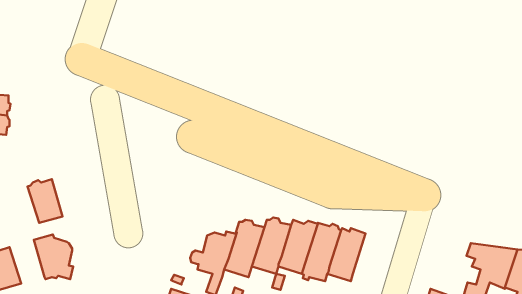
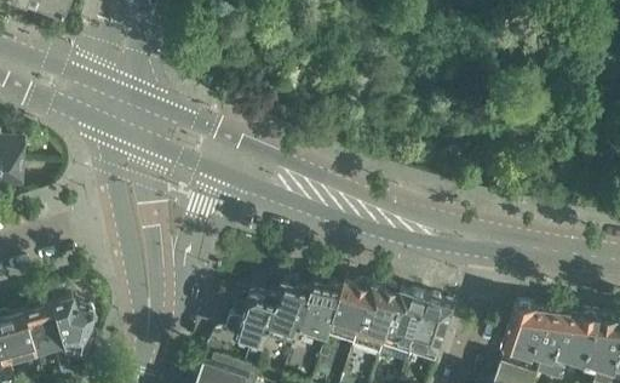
building: [27,179,63,223] -> [21,308,61,358]
building: none -> [409,301,454,364]
building: none -> [503,307,557,359]

